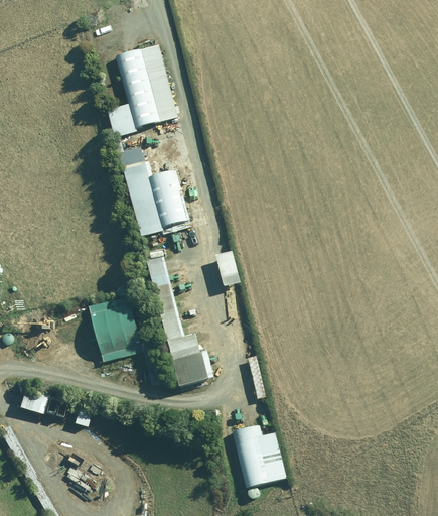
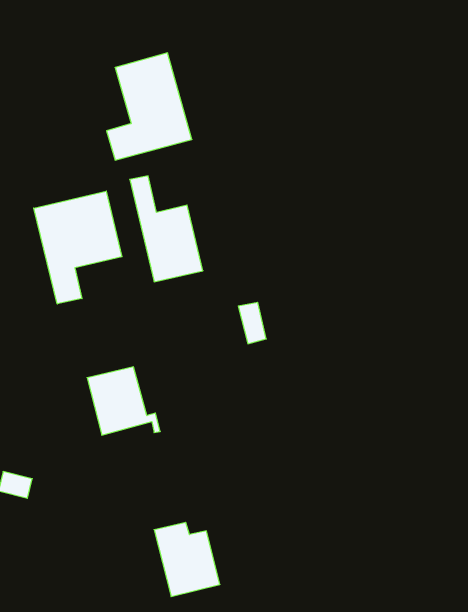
building: none -> [34,191,122,304]
building: [146,256,213,386] -> none
building: [231,425,285,487] -> [154,522,220,597]

